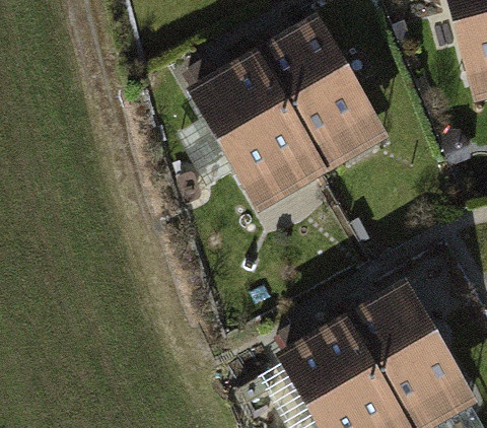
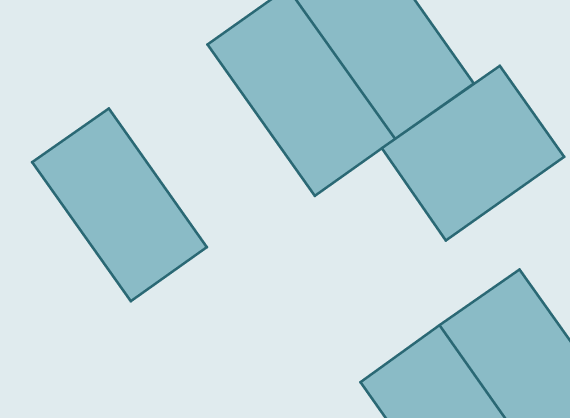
building: none -> [382,66,564,241]
building: none -> [32,108,207,301]

